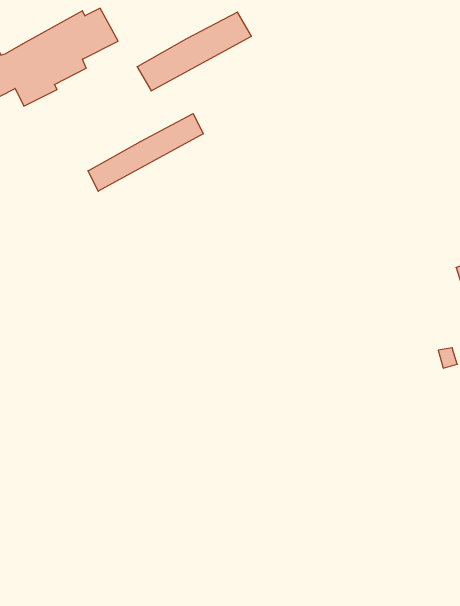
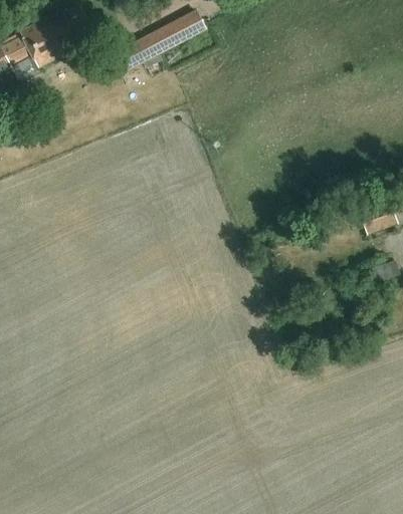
building: [88,114,203,191] -> none

